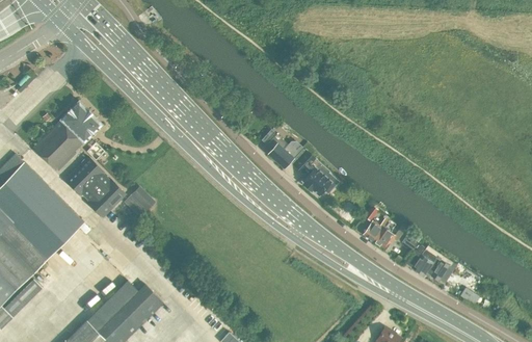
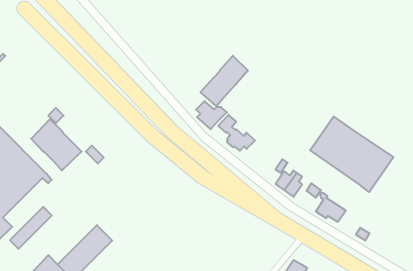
building: none -> [201,56,248,106]
building: [33,100,103,169] -> none
building: none -> [310,117,393,192]
building: [87,281,138,332] -> [10,207,52,249]

